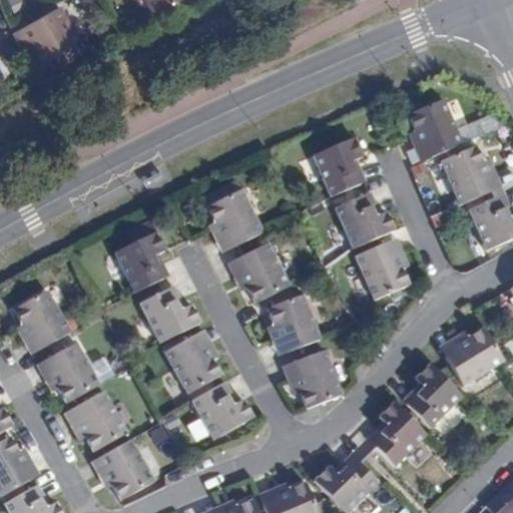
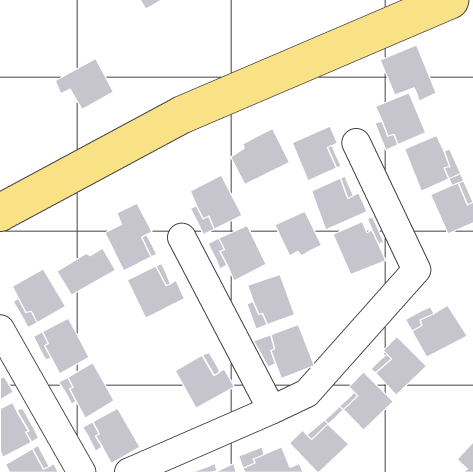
building: [16,7,79,62] -> [55,58,113,109]
building: none -> [380,45,436,101]
building: none -> [230,128,289,185]
building: none -> [275,211,322,256]
building: none -> [57,248,115,295]
building: [162,336,218,395] -> none

